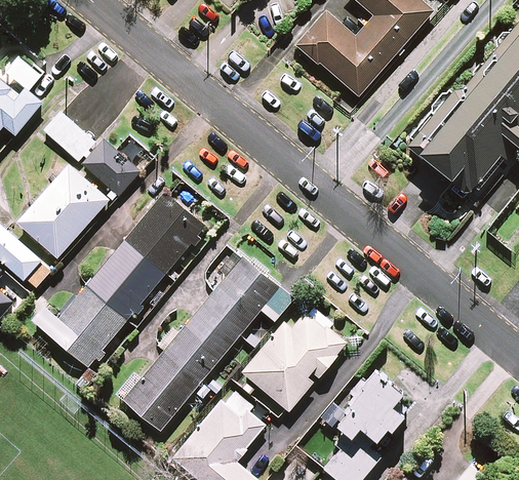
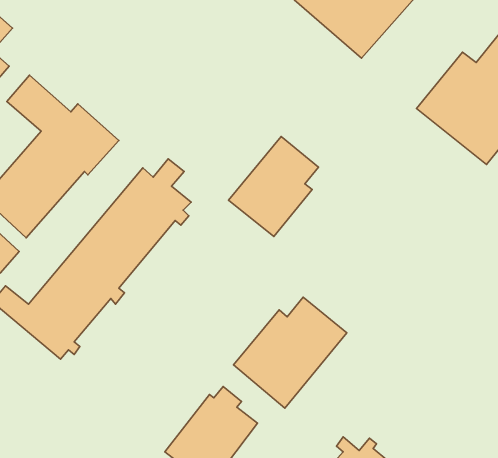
building: none -> [229,137,318,236]
building: [123,248,293,431] -> none
building: [336,373,403,440] -> none

